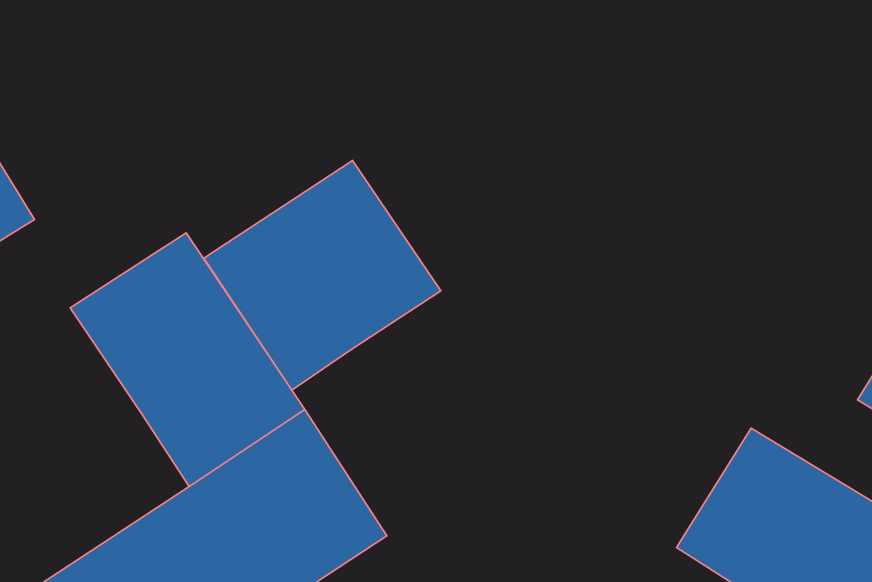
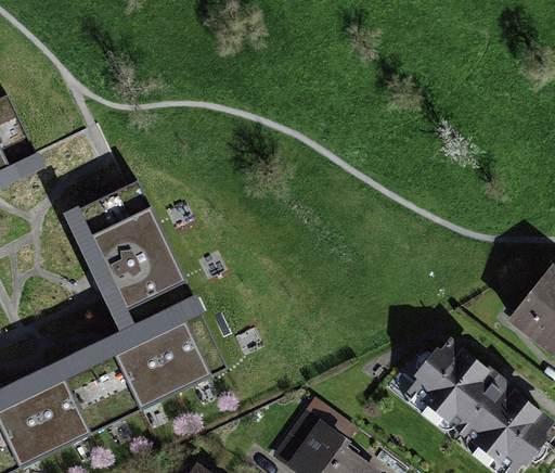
building: [204,161,441,390] -> none

